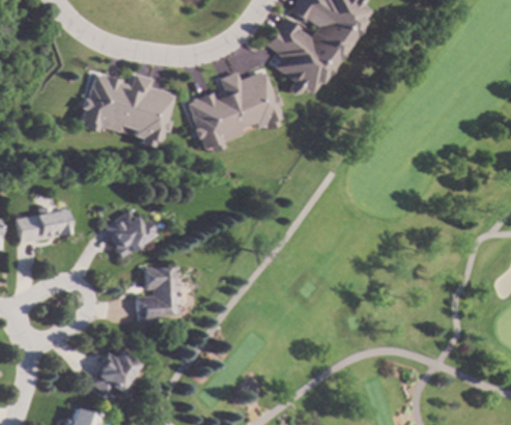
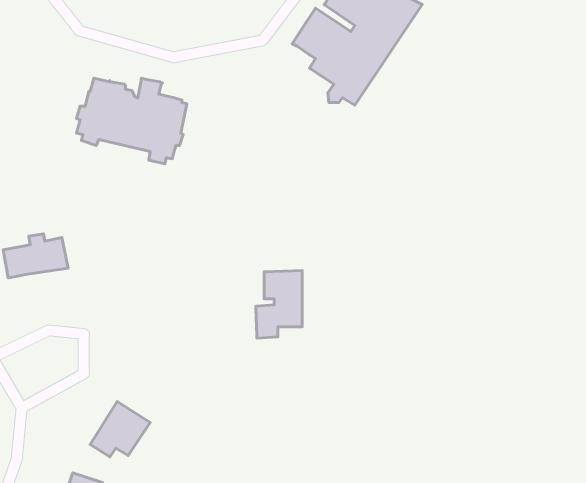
building: [187,70,281,152] -> none
building: [103,210,154,257] -> none
building: [138,266,177,323] -> [256,271,302,338]

